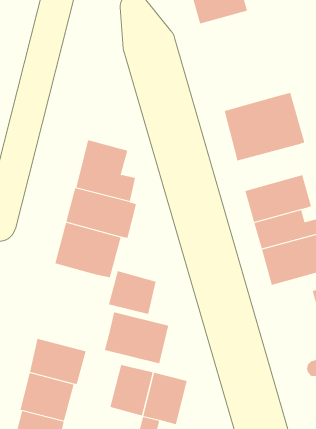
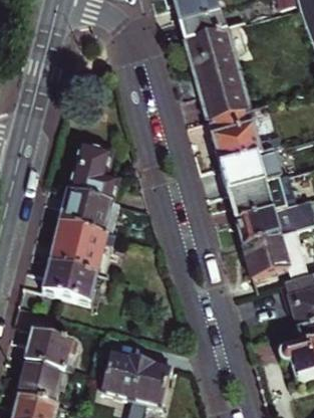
building: none -> [183,27,248,119]
building: none -> [217,149,280,192]
building: [108,270,157,314] -> [42,258,86,298]
building: [104,311,169,364] -> none

